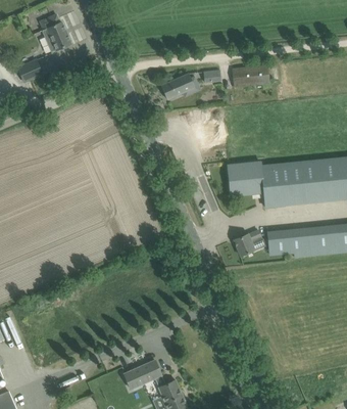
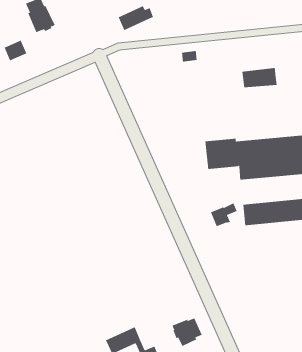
building: [232,65,269,87] -> [242,67,278,88]
building: [161,74,199,100] -> [118,6,154,31]
building: none -> [172,317,203,347]

